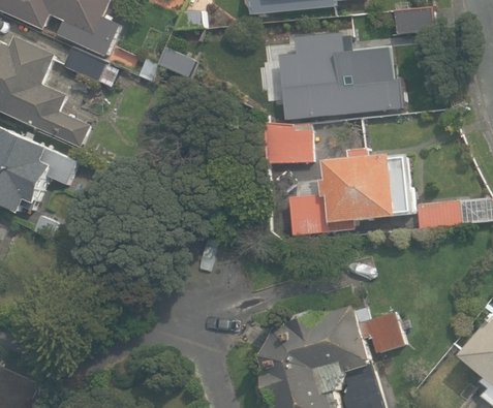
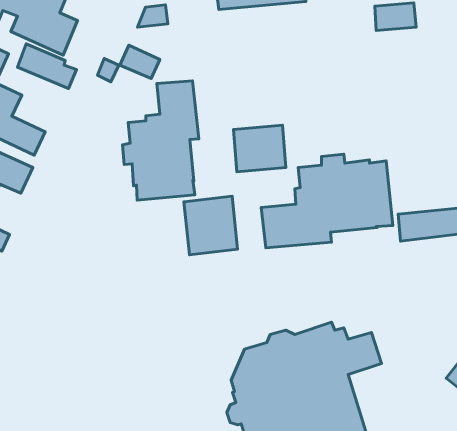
building: [279,31,399,120] -> none
building: none -> [122,81,199,200]
building: none -> [184,196,238,255]

